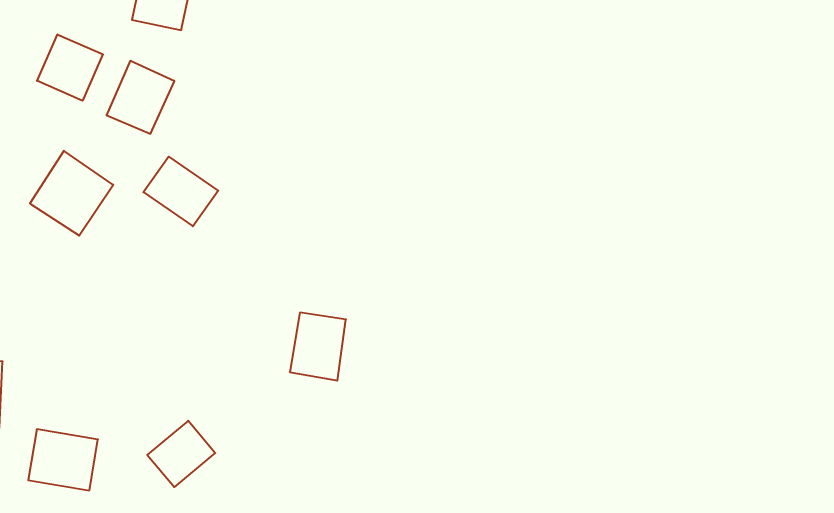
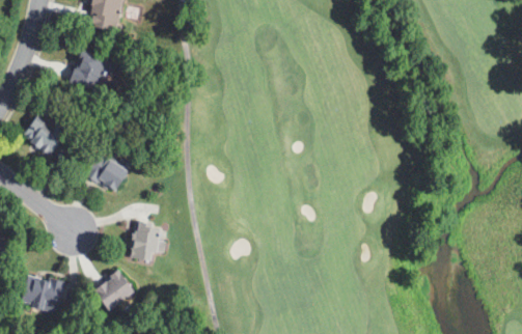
building: [37,34,103,101] -> none
building: [143,157,218,226] -> [84,150,130,193]
building: [290,313,346,381] -> [128,220,162,261]

